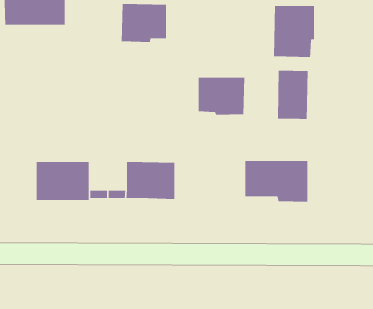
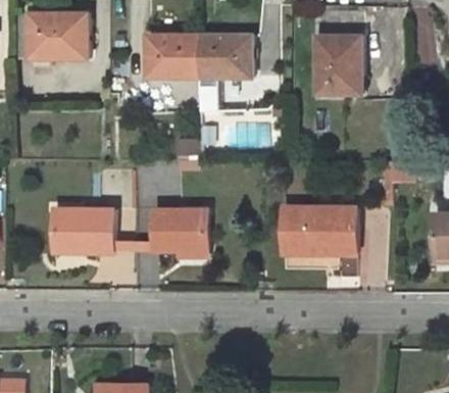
building: [277,70,308,120] -> none
building: [198,77,245,116] -> [199,36,251,79]

